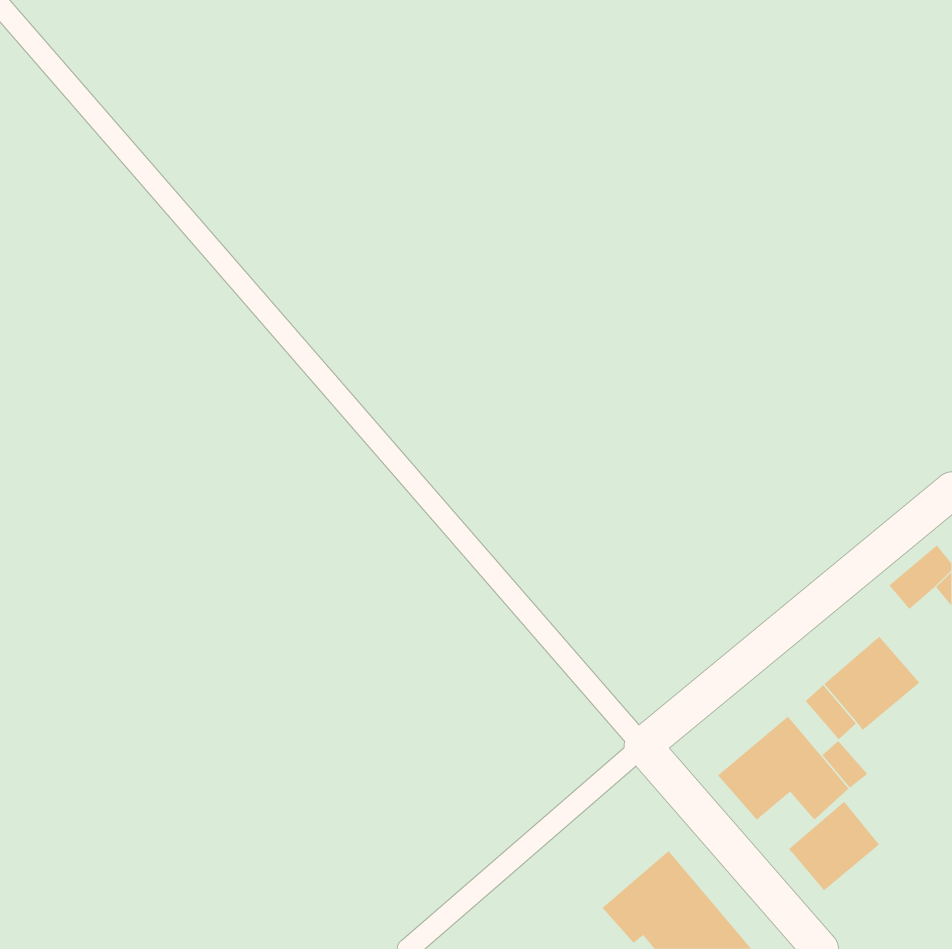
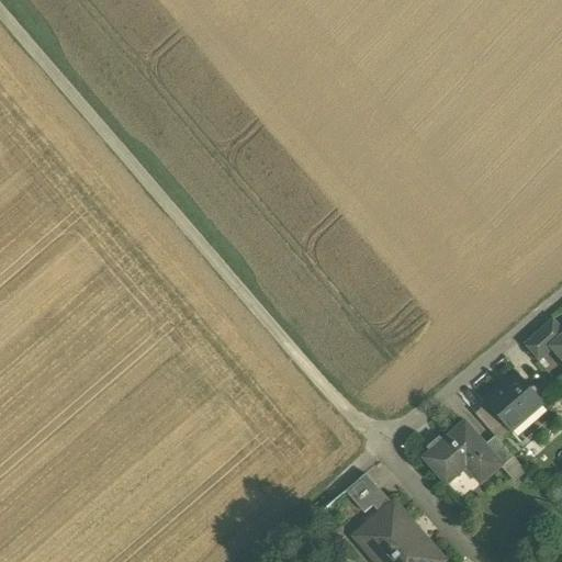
building: [788,801,880,891] -> none
building: none -> [346,472,384,512]

